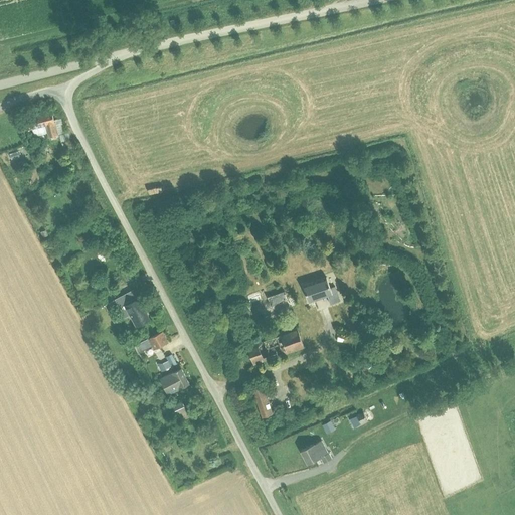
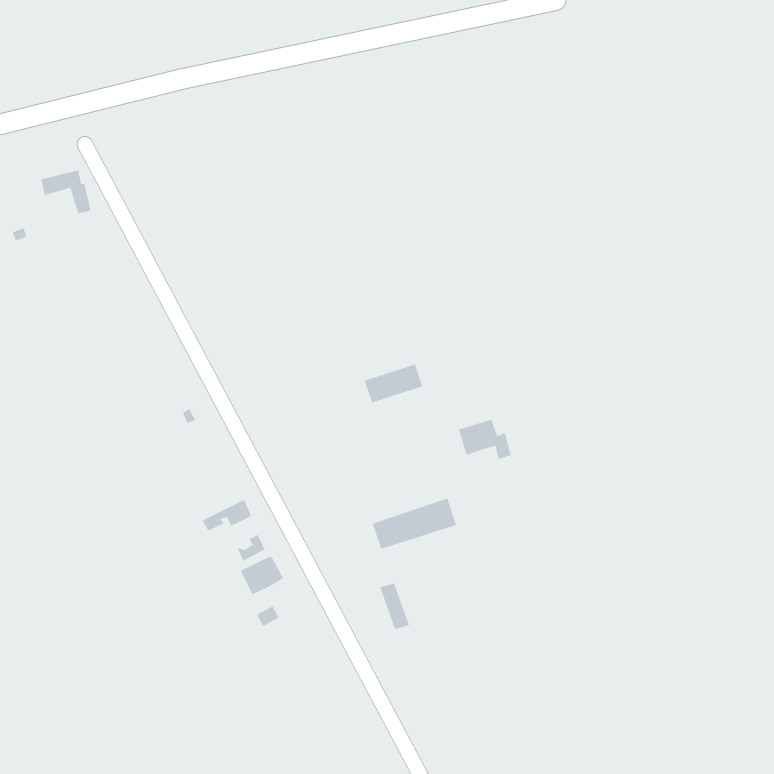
building: [114,290,150,327] -> none
building: [249,293,289,319] -> [364,364,423,403]
building: [300,441,332,465] -> none

